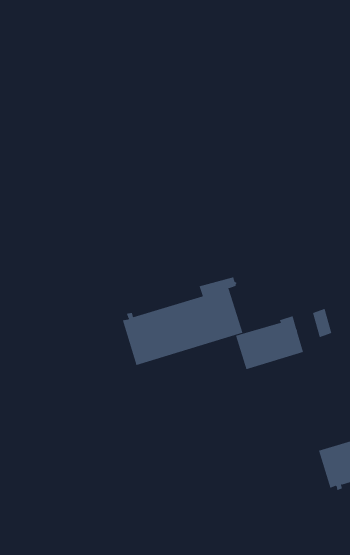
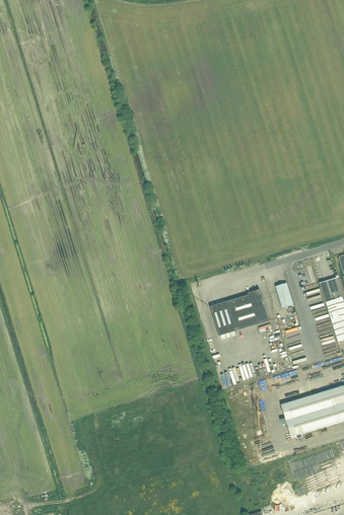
building: [122,276,243,366] -> none

